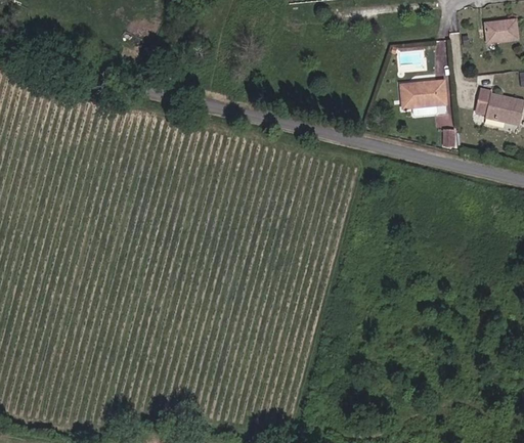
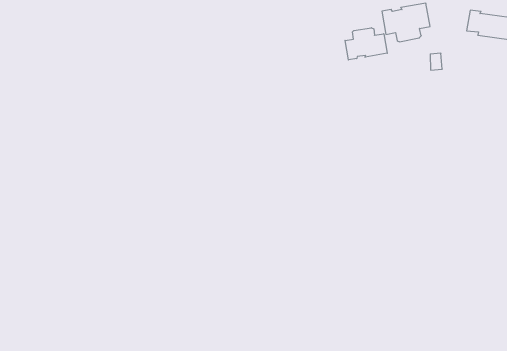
building: none -> [345,28,387,60]

